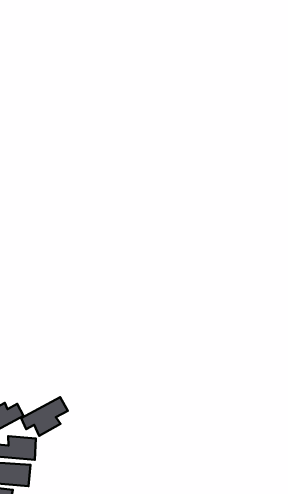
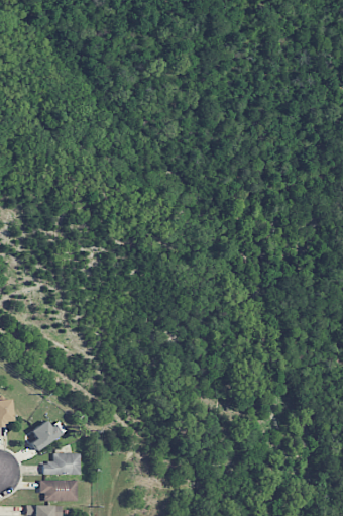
building: [21,397,68,436] -> none

